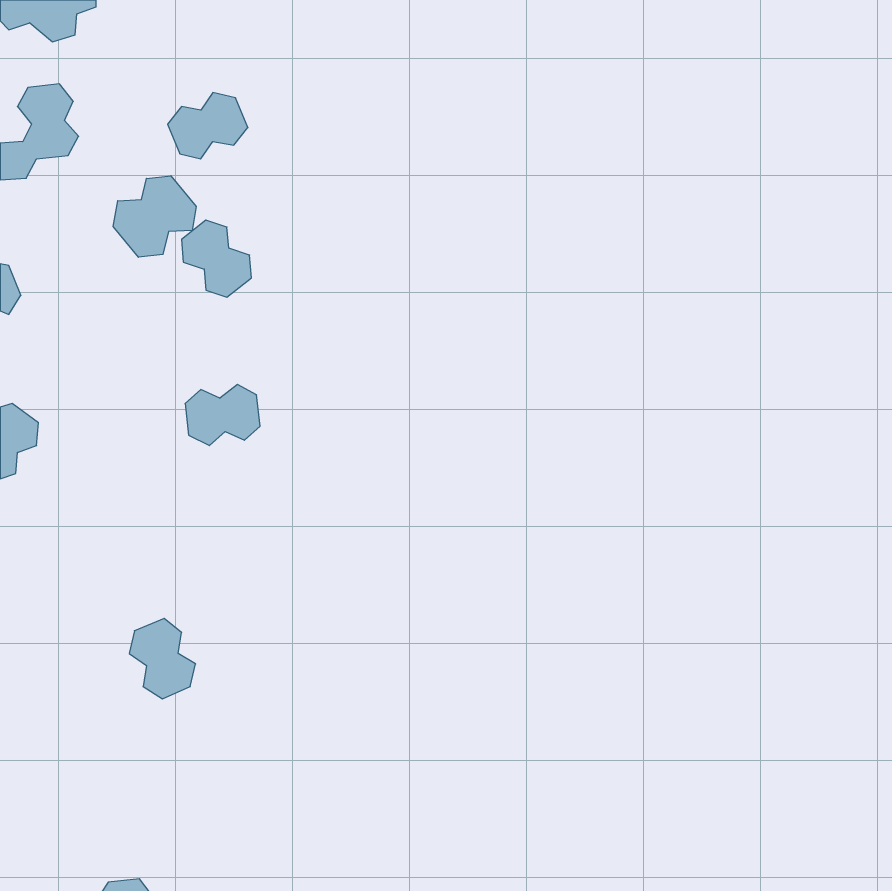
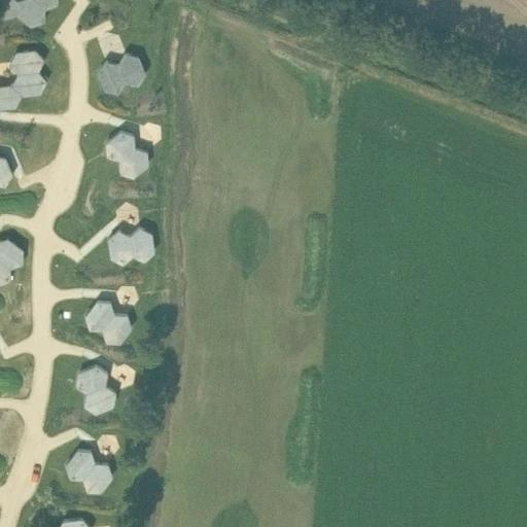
building: [113,176,196,257] -> none
building: none -> [85,302,131,343]
building: none -> [67,451,112,491]

